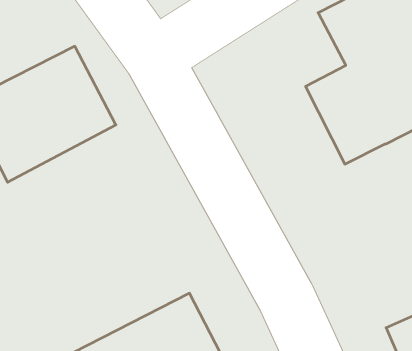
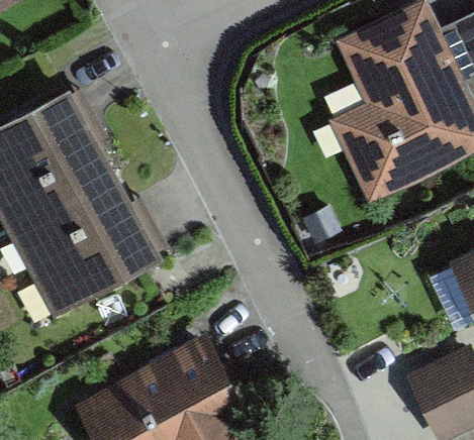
building: none -> [9,164,168,309]

